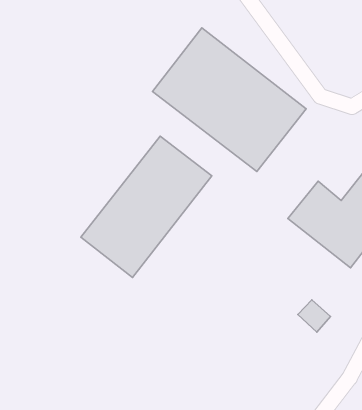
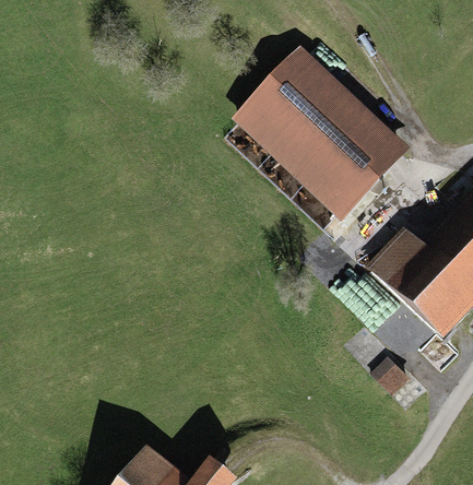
building: [81,136,212,278] -> none

